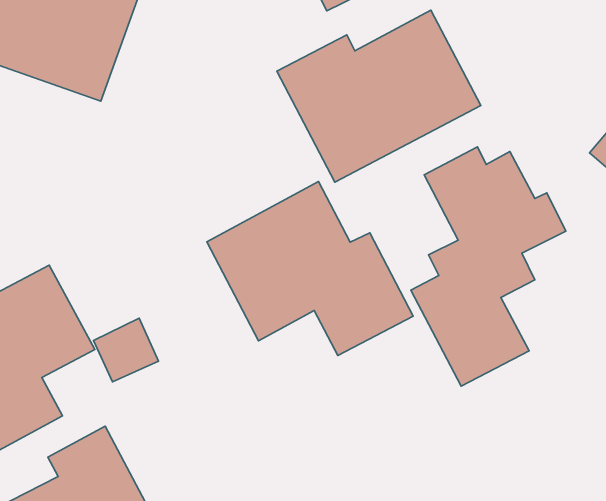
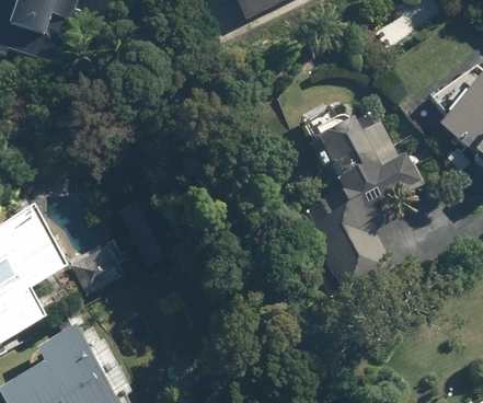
building: [277,10,481,182] -> none
building: [207,182,413,356] -> none

